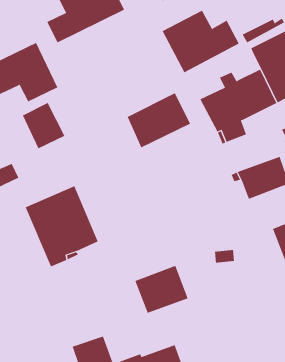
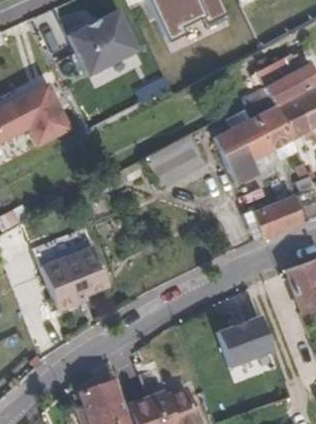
building: [162,10,240,73] -> none
building: [22,102,65,149] -> none
building: [134,265,188,313] -> [217,314,273,363]

